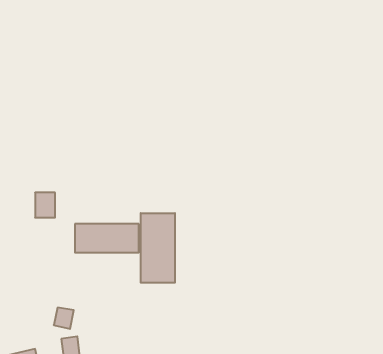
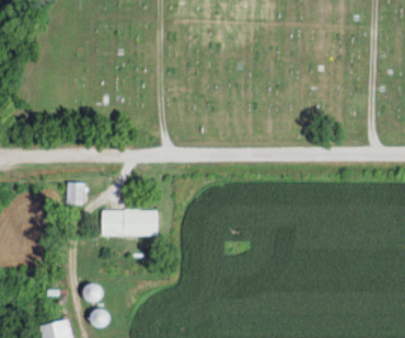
building: [141,213,175,283] -> none

